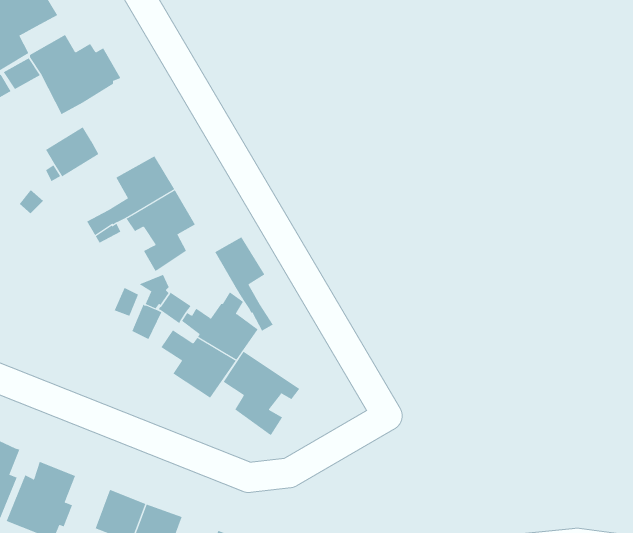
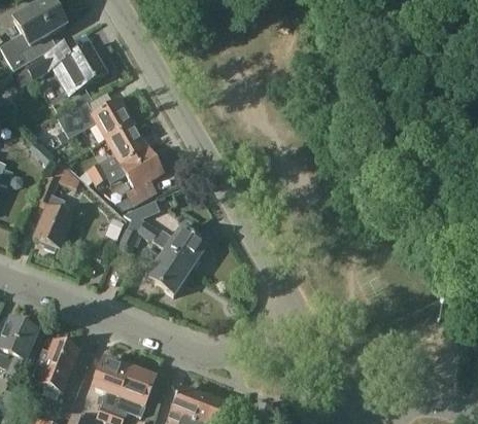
building: none -> [92,97,134,138]
building: none -> [34,174,72,249]
building: [215,237,273,332] -> none
building: [223,351,300,436] -> none

